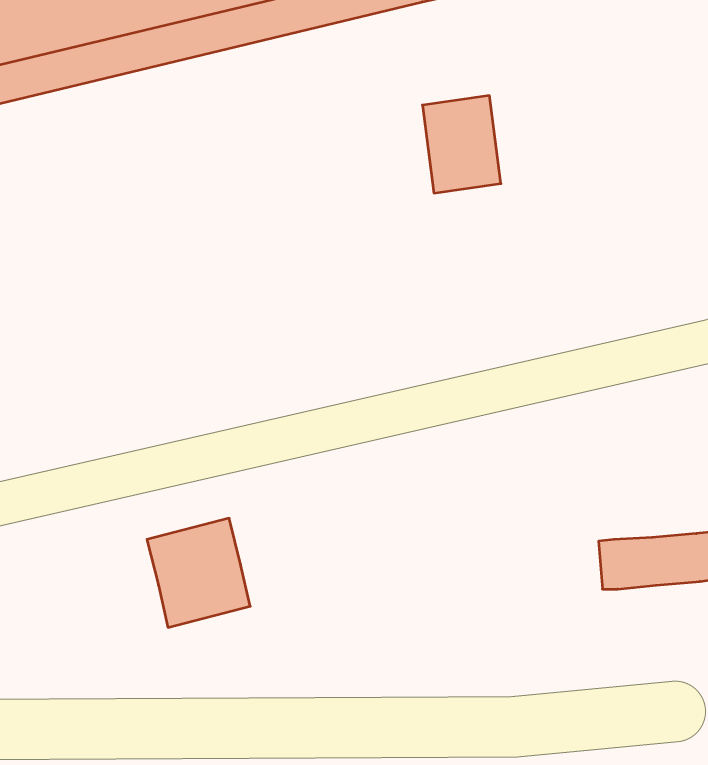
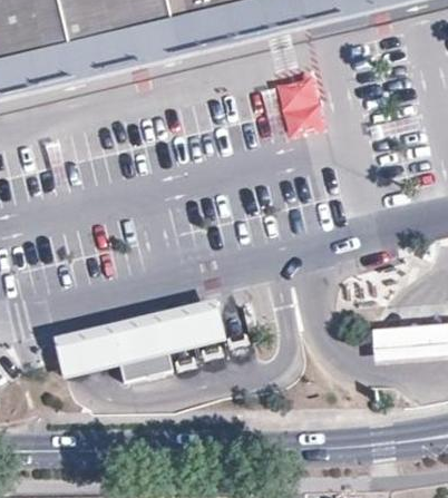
building: none -> [163,307,224,348]
building: none -> [60,333,121,373]

